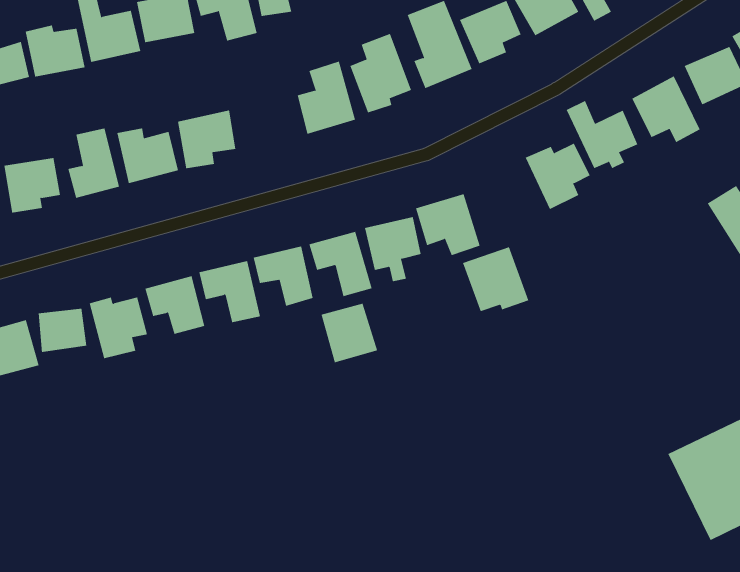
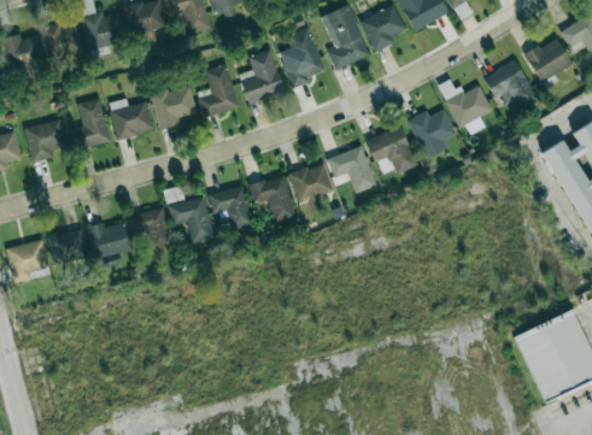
building: none -> [198,64,239,118]
building: [462,246,529,312] -> [367,127,416,175]
building: [321,303,378,363] -> none

